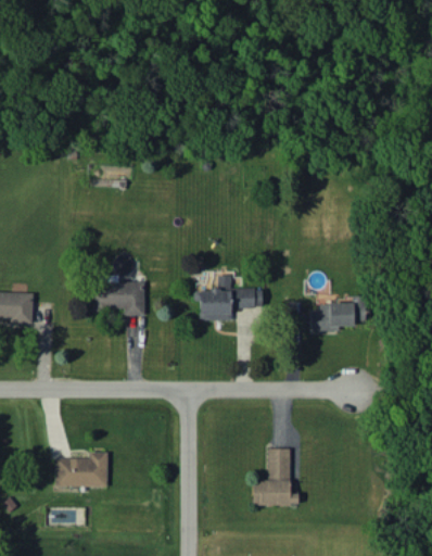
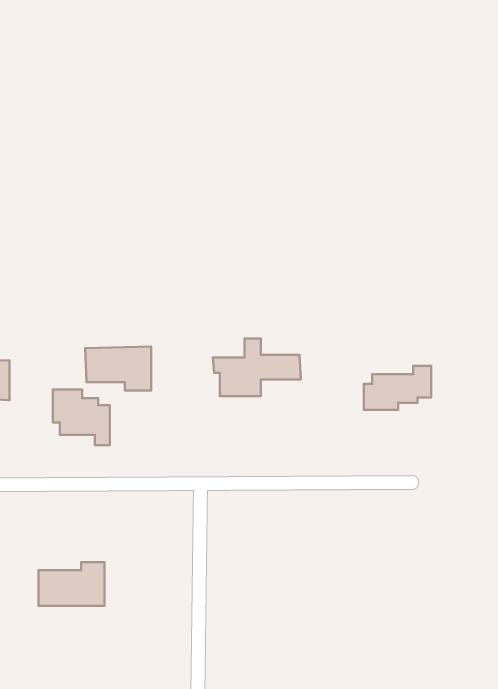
building: none -> [53,389,110,445]
building: [252,448,297,505] -> none

